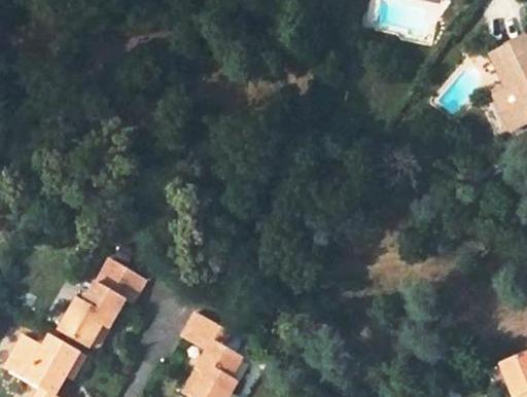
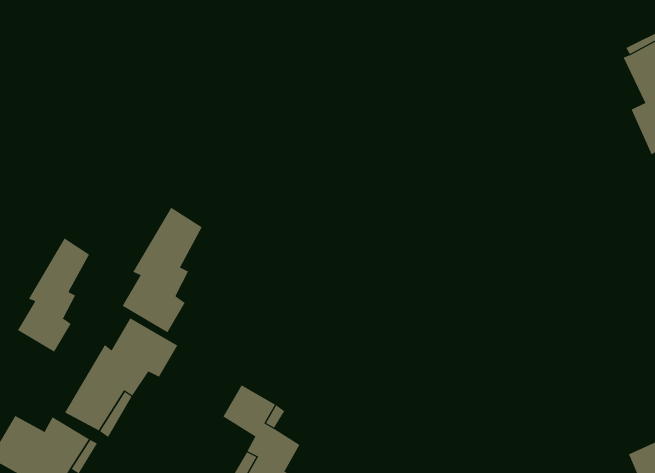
building: none -> [122,207,203,333]
building: none -> [17,238,90,352]

